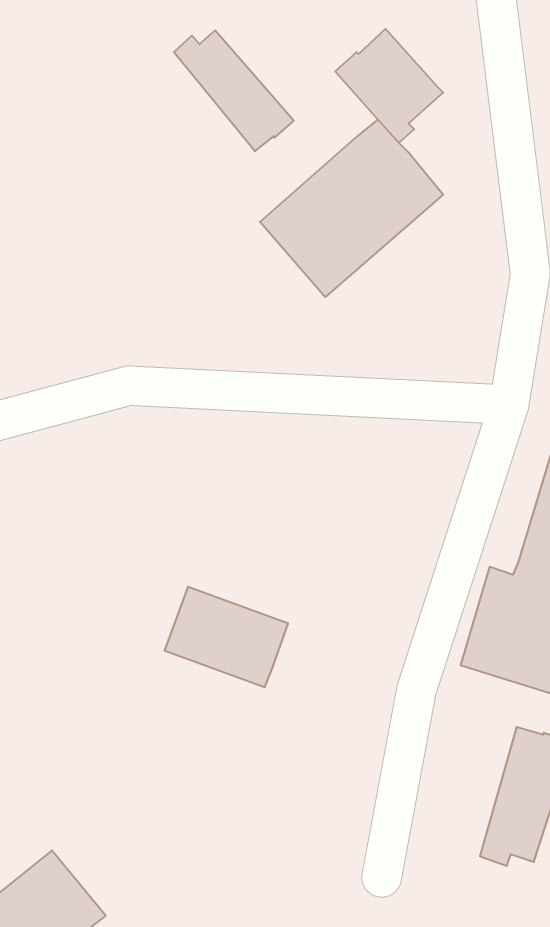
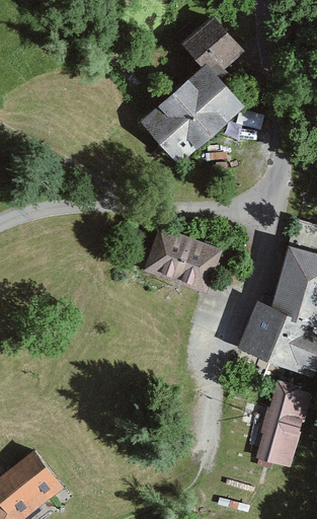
building: [174,30,294,151] -> none
building: [165,587,288,687] -> [147,234,212,287]

